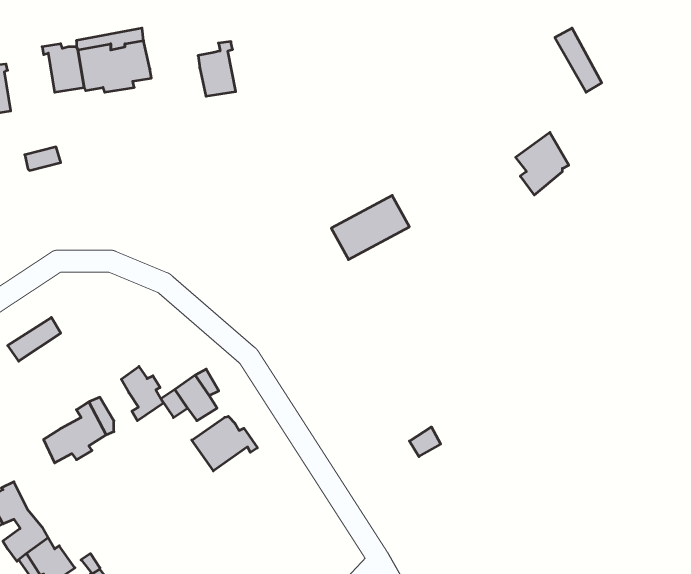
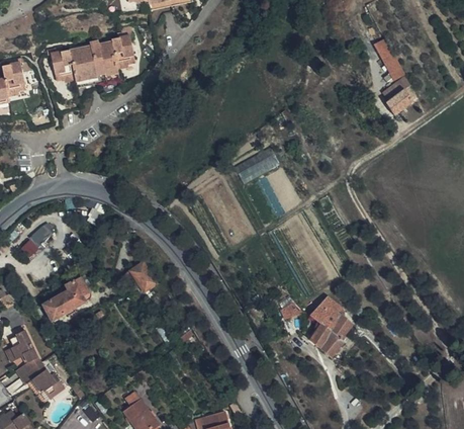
building: [198,42,236,96] -> [107,29,131,65]
building: [516,132,569,195] -> [382,77,416,117]
building: [121,366,163,421] -> none
building: [192,416,257,471] -> none
building: none -> [308,296,350,359]

